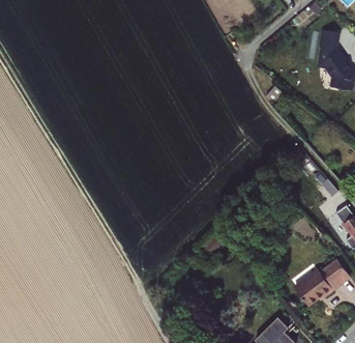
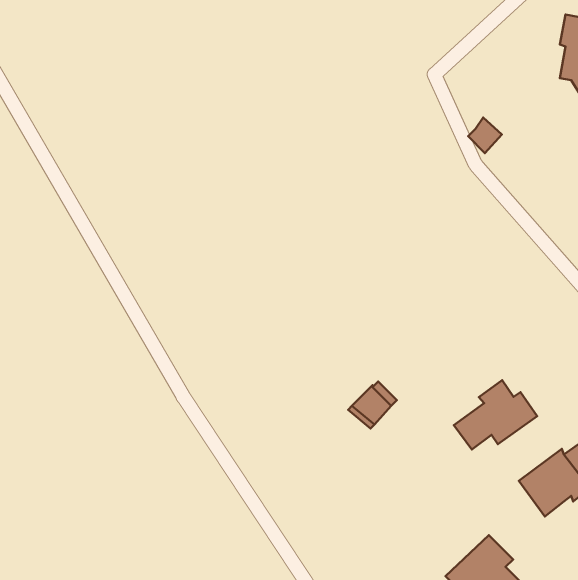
building: none -> [454,380,537,450]

